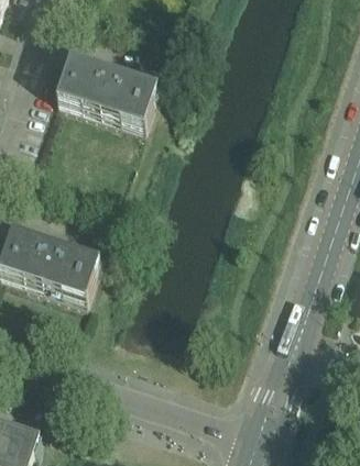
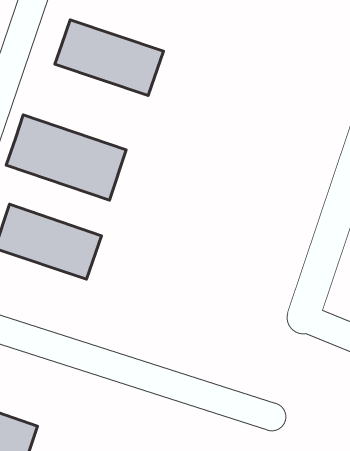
building: none -> [6,115,126,200]

